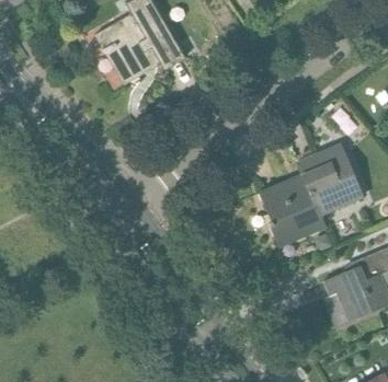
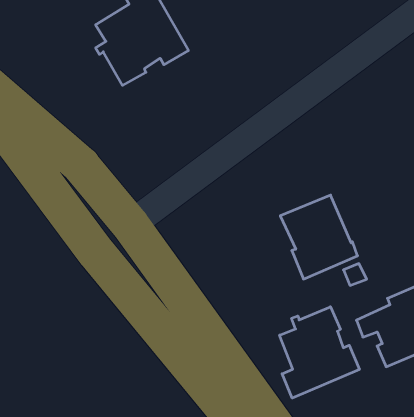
building: [297,143,363,215] -> none
building: none -> [280,307,359,398]

